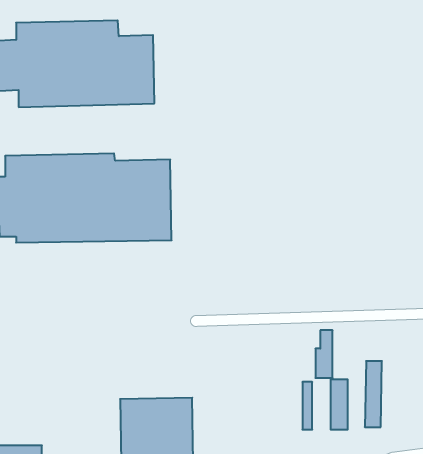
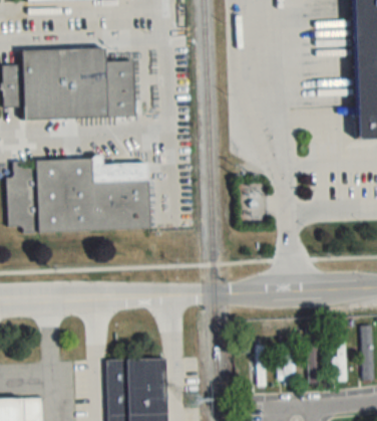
building: [315,330,333,378] -> [332,341,346,380]

